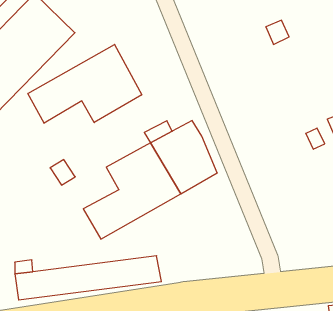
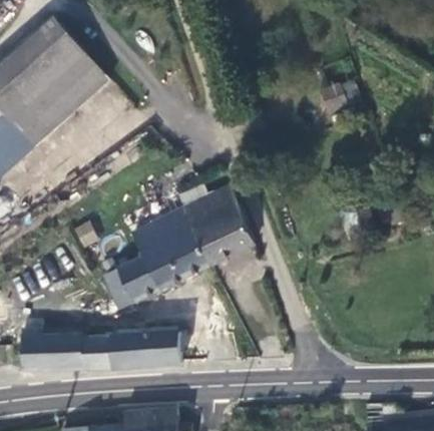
building: [28,44,142,123] -> none

